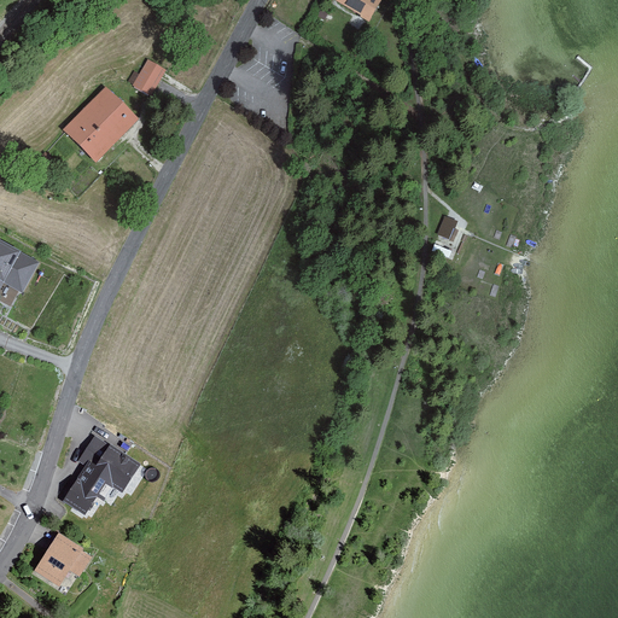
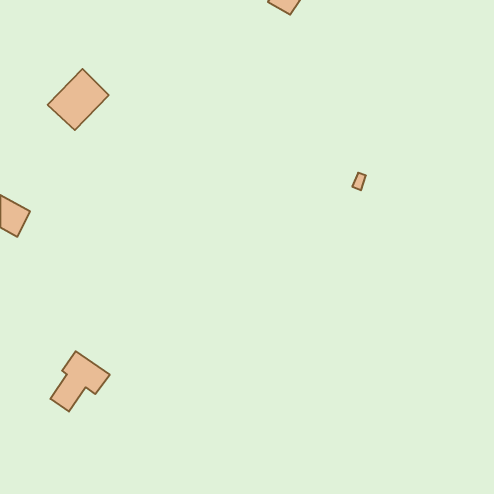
building: [133,59,167,97] -> none
building: [31,532,84,590] -> none

